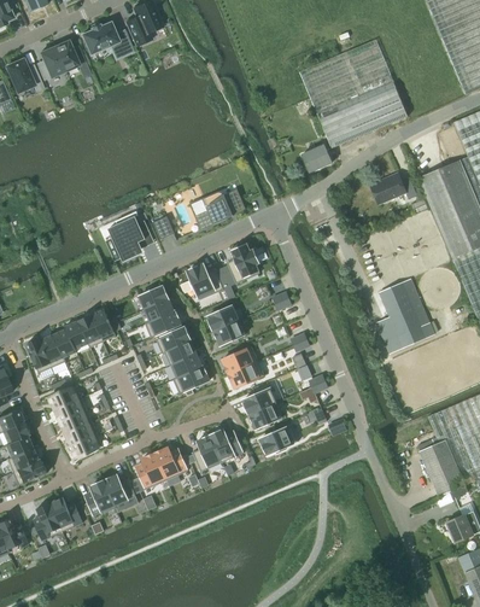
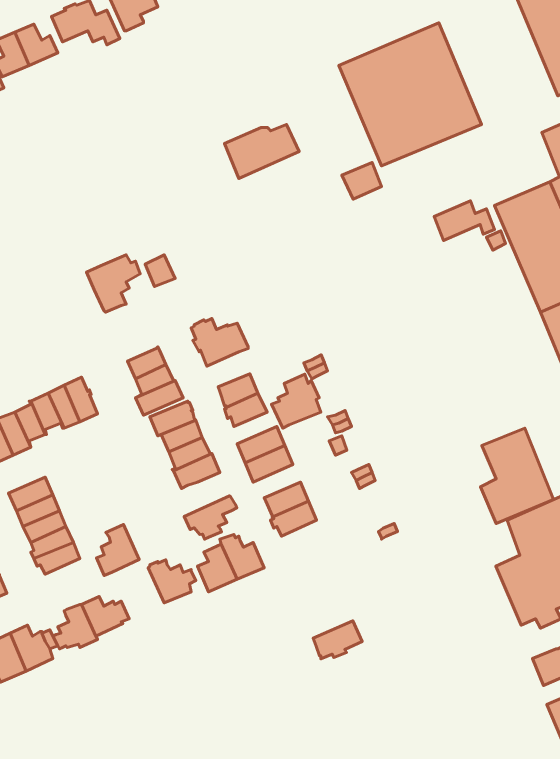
building: [189,188,246,229] -> [225,124,299,178]
building: [222,244,259,285] -> [272,374,321,428]
building: [377,278,433,350] -> [480,428,553,523]
building: none -> [184,496,237,539]
building: [261,425,298,454] -> [313,621,362,659]
building: [134,453,166,491] -> [96,525,139,575]

